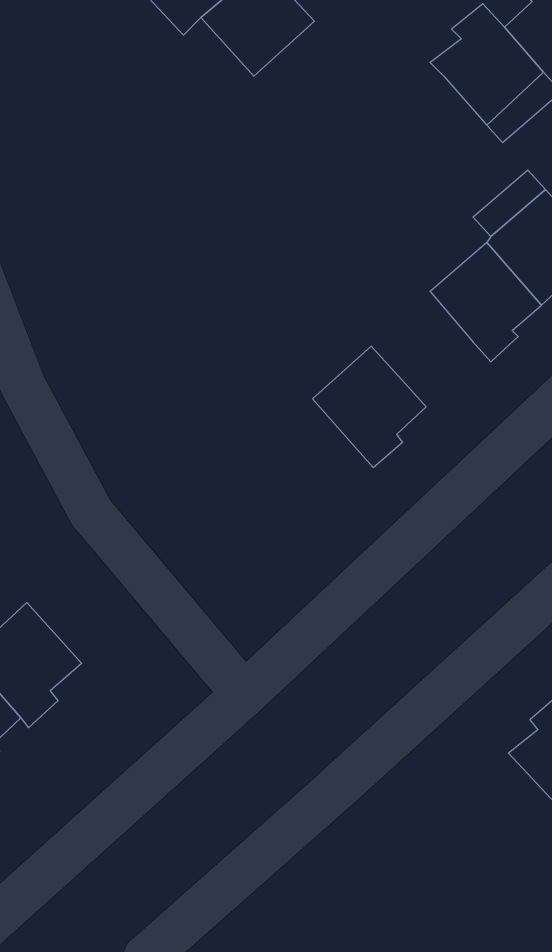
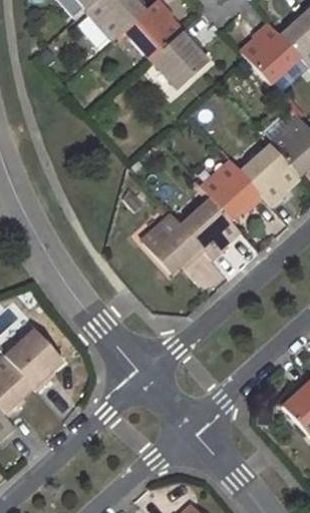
building: none -> [149,26,208,87]
building: none -> [201,159,262,217]
building: none -> [141,213,203,272]

